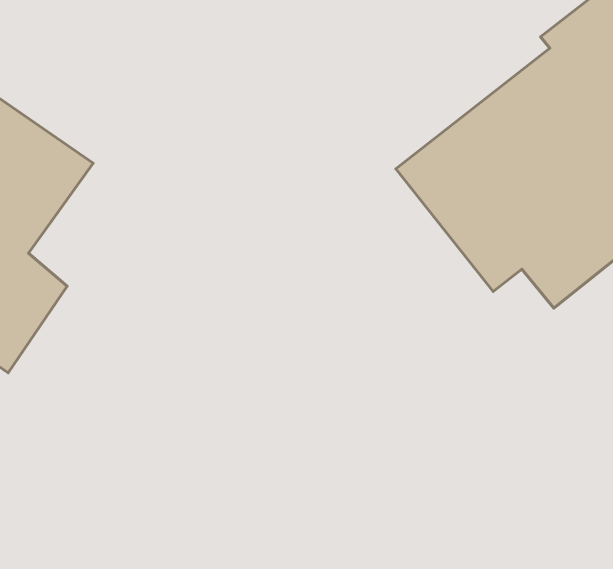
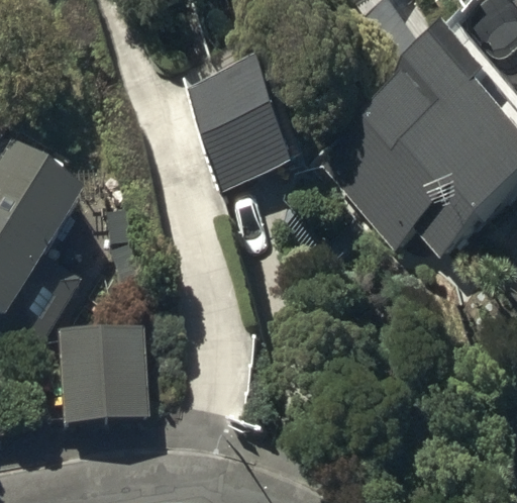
building: none -> [187,51,307,186]
building: none -> [57,324,145,416]

